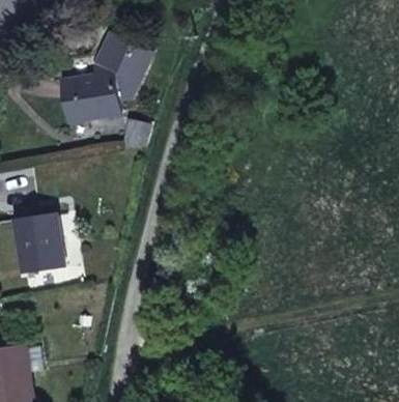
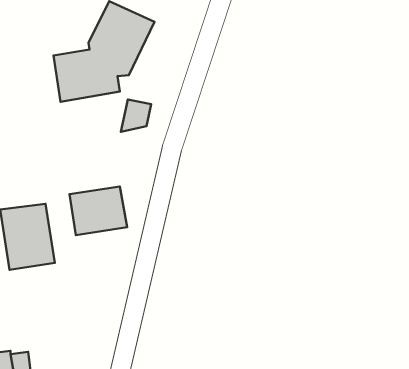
building: none -> [70,187,127,235]

